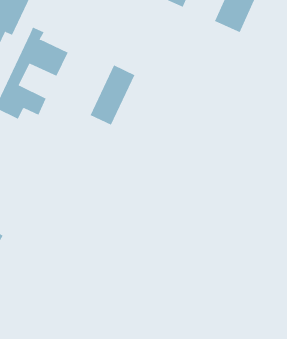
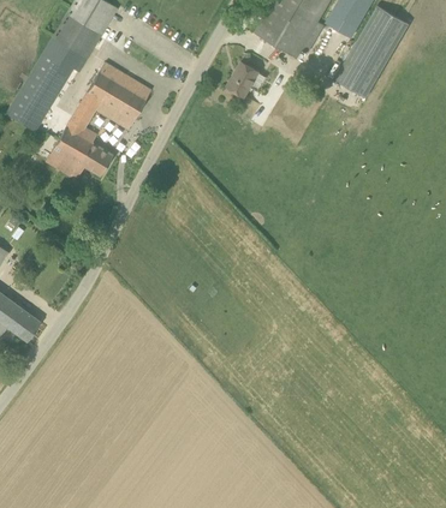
building: none -> [228,61,260,96]
building: [90,65,135,126] -> none

